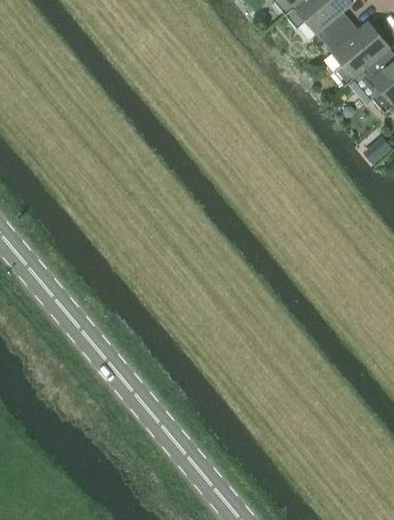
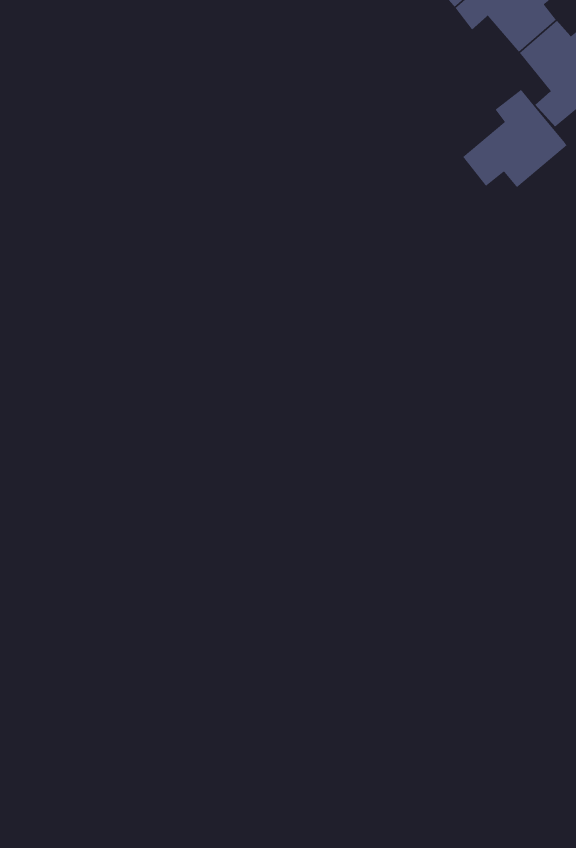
building: none -> [462,89,568,188]

